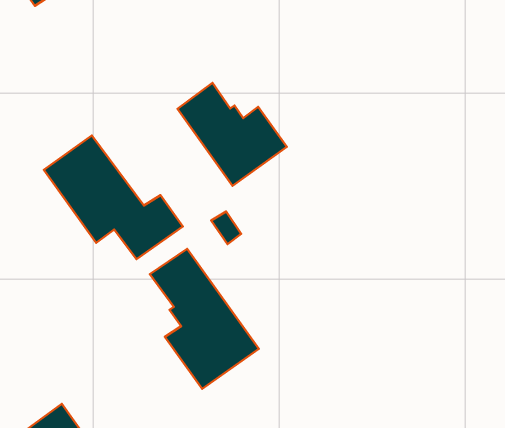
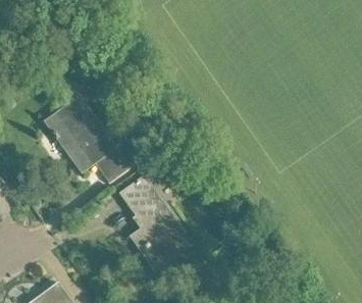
building: [178,83,287,186] -> none

